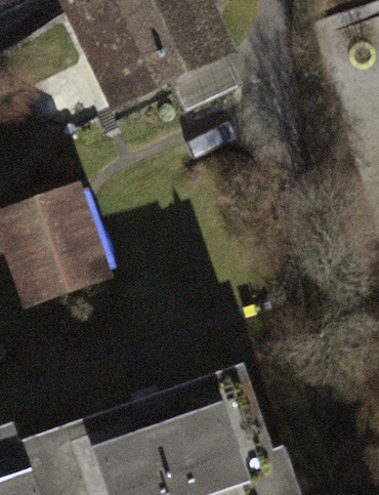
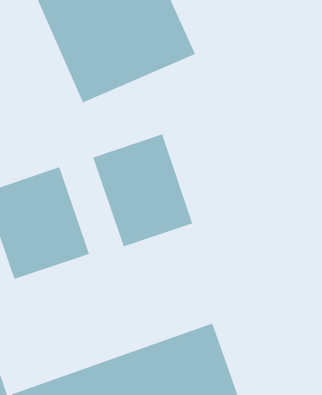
building: none -> [93,134,193,247]

